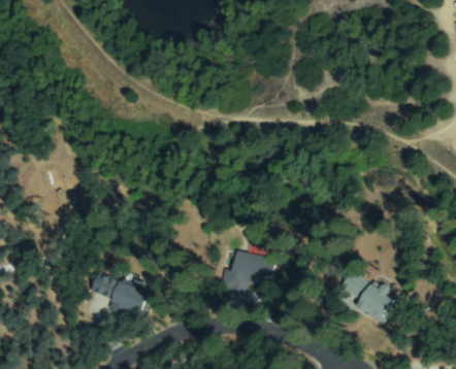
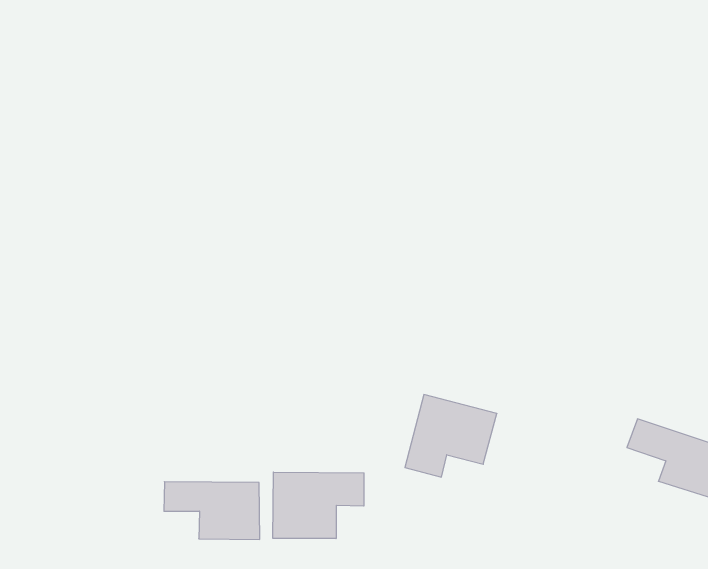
building: none -> [273,472,364,539]

